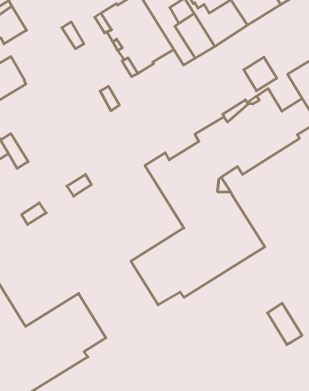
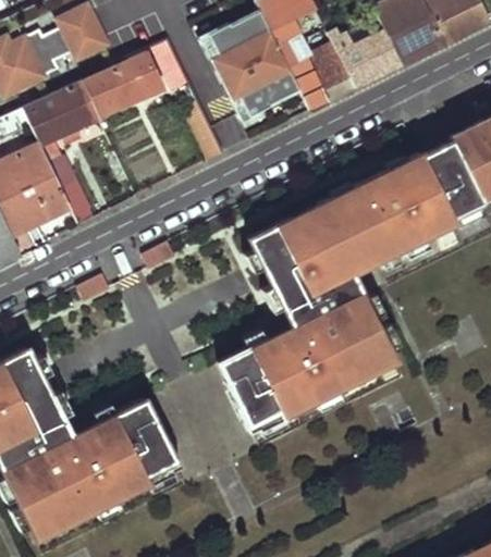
building: none -> [87,53,162,111]
building: [244,57,277,91] -> [422,140,465,184]
building: [267,303,302,345] -> none

